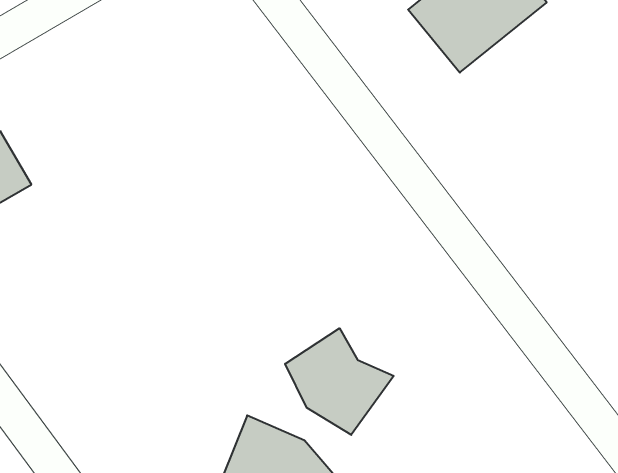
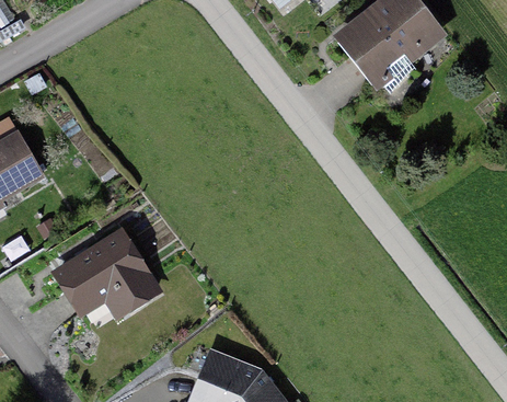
building: none -> [58,239,151,314]
building: [285,328,394,435] -> none

